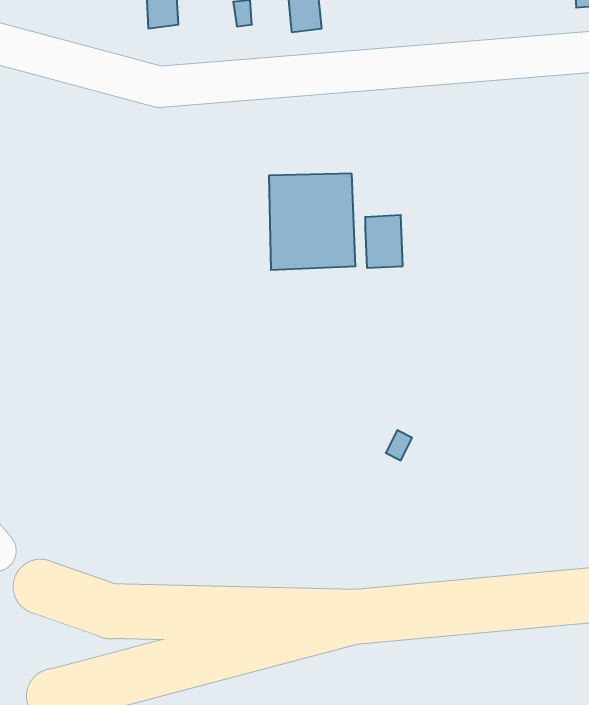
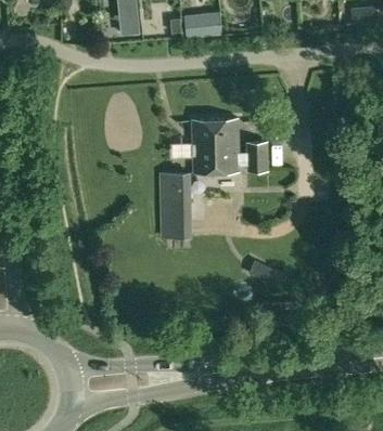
building: none -> [161,173,190,222]

